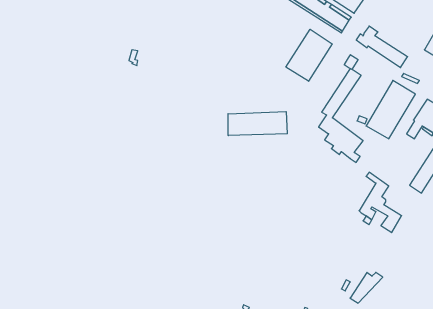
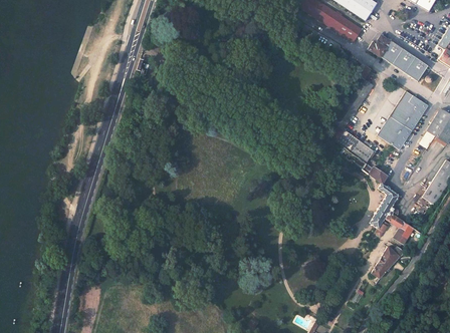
building: [286,29,332,81] -> none
building: [228,112,287,136] -> none
building: [350,272,383,303] -> [372,247,405,278]

